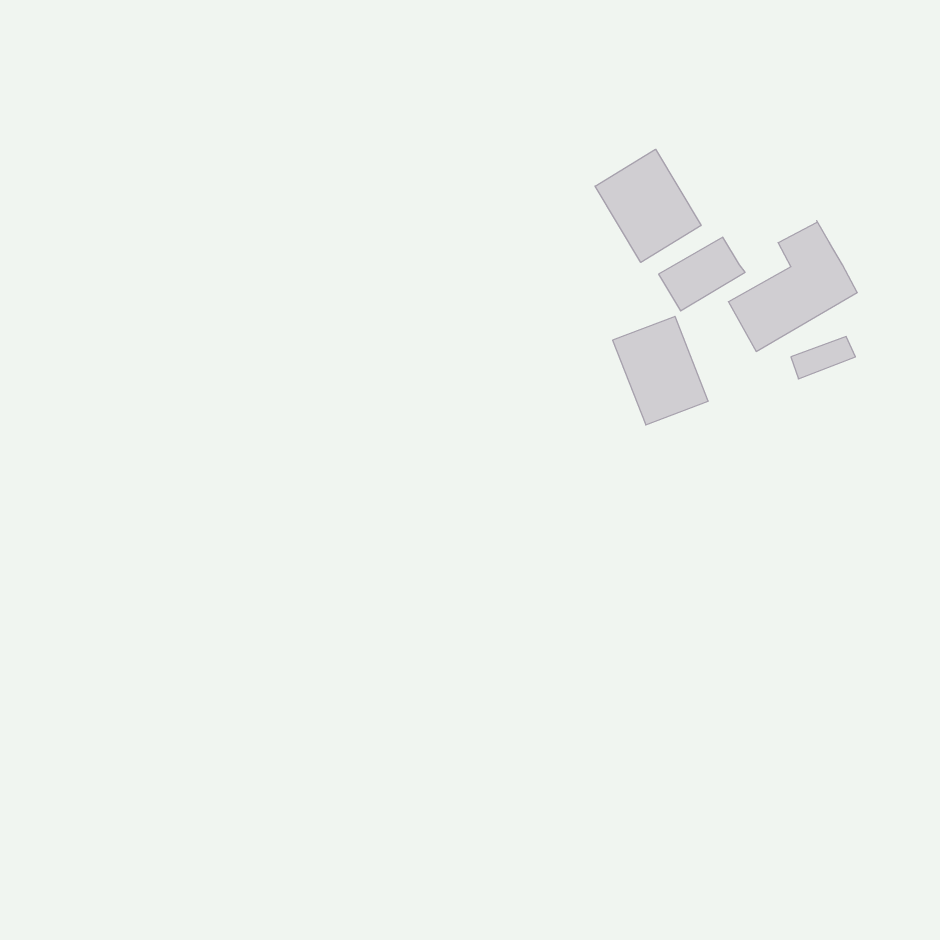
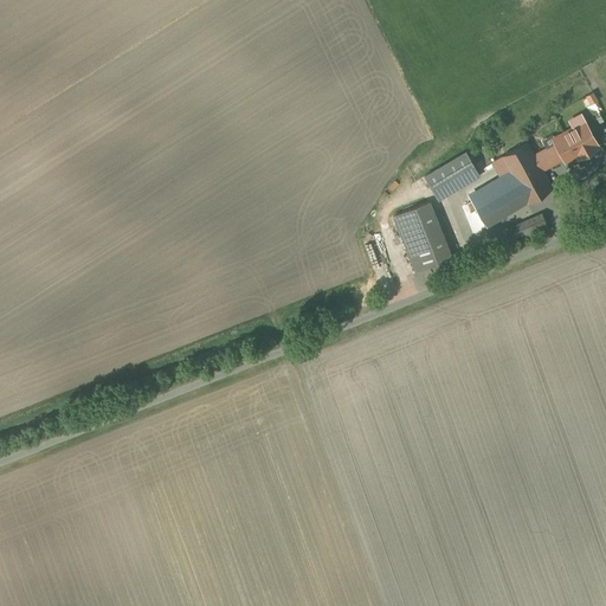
building: [595,149,701,262] -> none
building: none -> [534,123,597,170]

